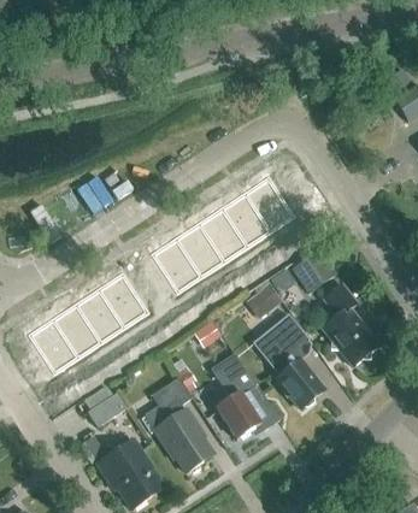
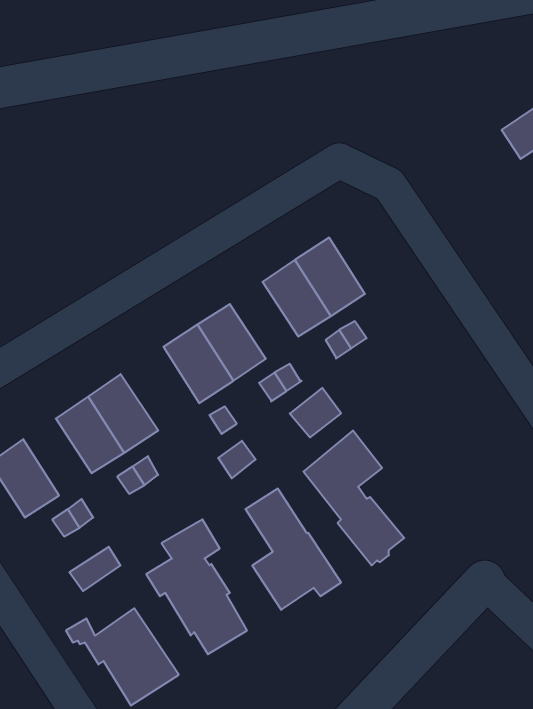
building: [201,208,249,263] -> none
building: [293,252,332,291] -> none
building: [322,283,379,366] -> none
building: [55,305,104,359] -> none

